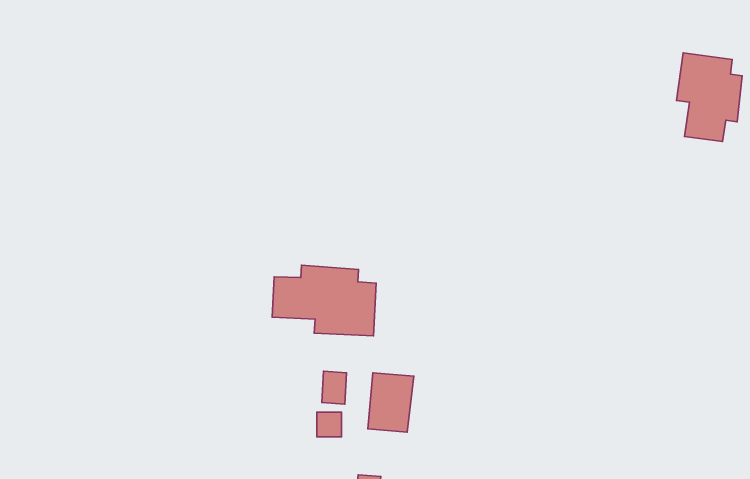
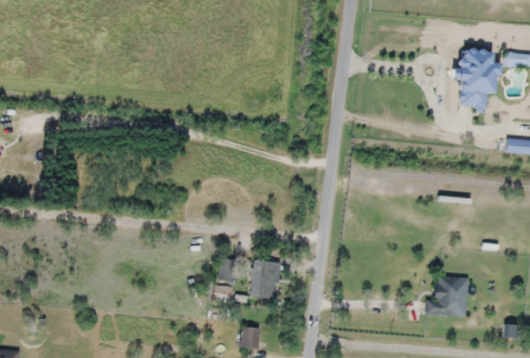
building: [272,265,376,336] -> none
building: none -> [426,276,466,316]

